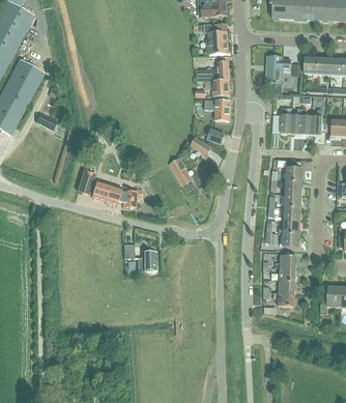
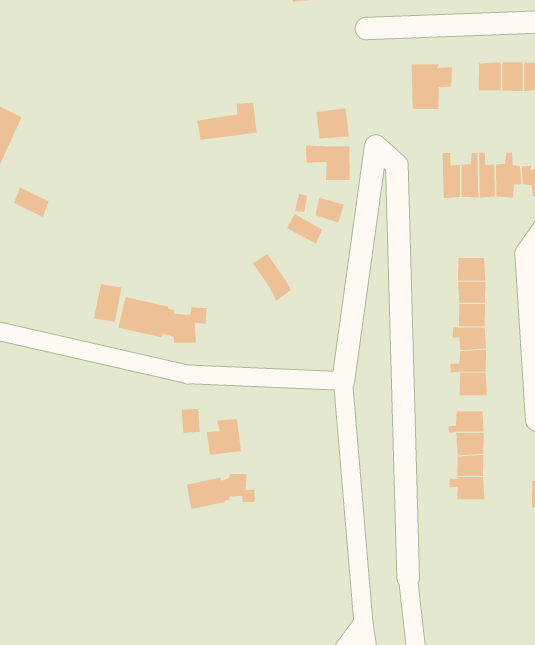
building: [203,22,227,53] -> none
building: [194,60,228,80] -> [197,102,258,140]
building: none -> [186,473,255,510]

